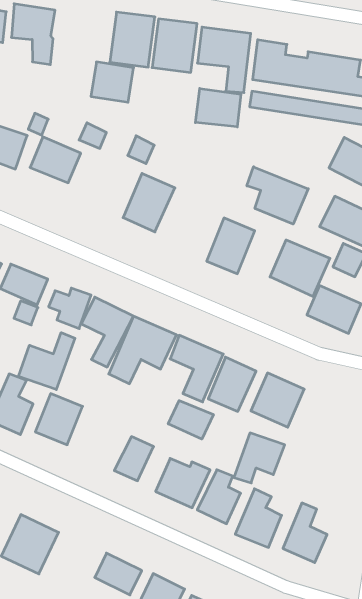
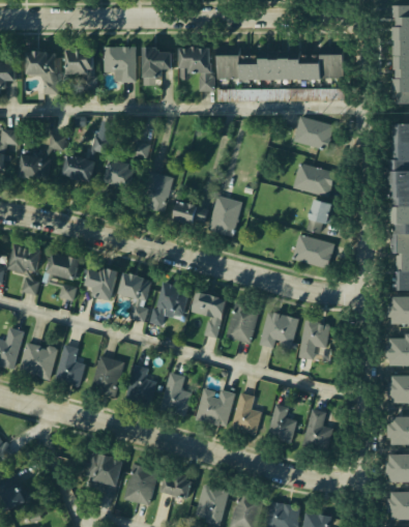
building: [91,62,134,102] -> [60,48,90,76]
building: [195,88,241,127] -> none
building: none -> [93,155,129,193]
building: [247,167,308,224] -> none
building: none -> [166,198,206,225]
building: [270,240,330,296] -> none
building: [18,333,75,390] -> none
building: [168,401,213,439] -> none
building: none -> [127,362,158,400]
building: [234,433,285,483] -> [297,319,333,358]
building: none -> [121,463,158,505]

